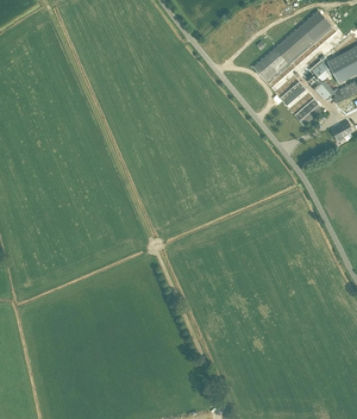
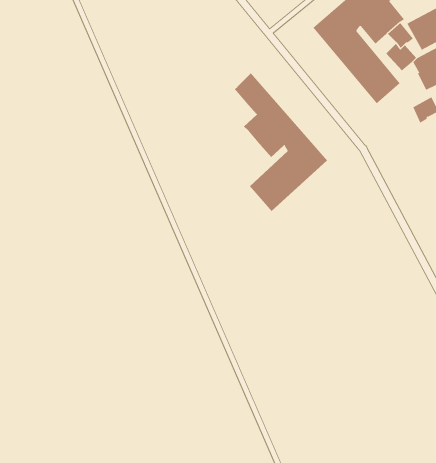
building: none -> [234,72,328,212]

